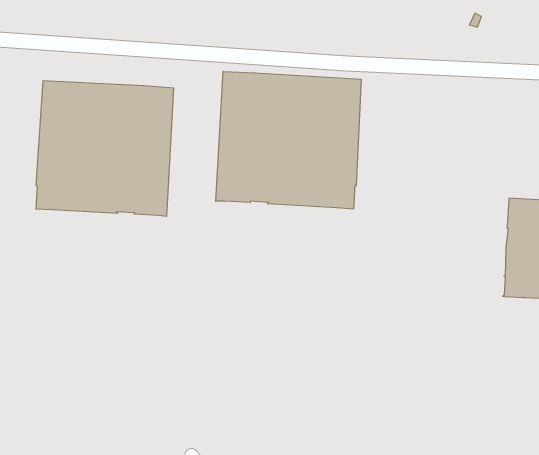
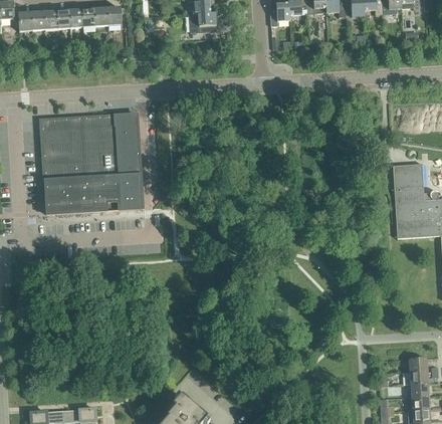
building: [216,71,361,209] -> none

